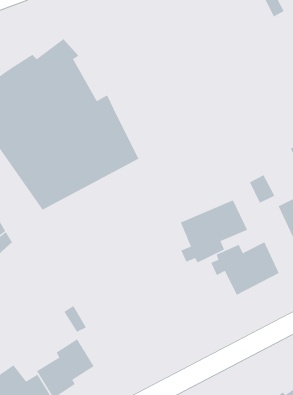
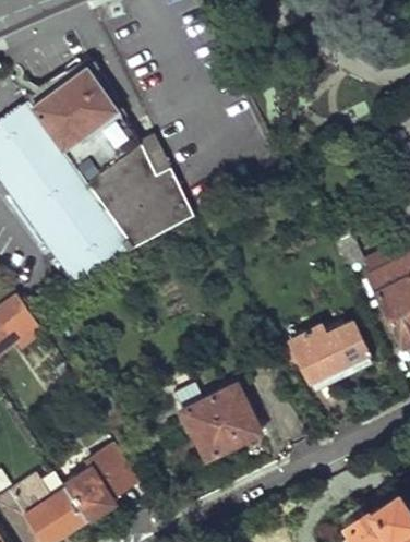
building: [180,200,248,263] -> none
building: none -> [183,385,254,458]

